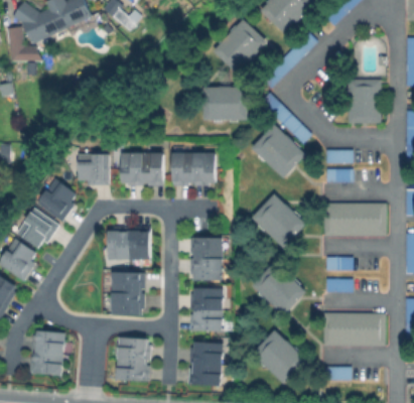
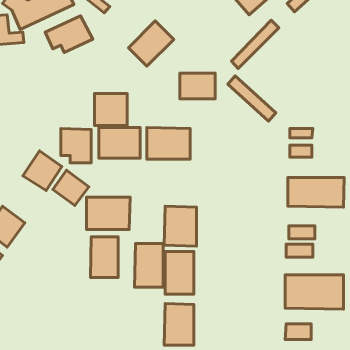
building: [215,19,264,69] -> [128,21,174,66]
building: none -> [45,16,93,53]
building: [348,79,380,125] -> none
building: none -> [94,93,127,126]
building: [252,125,306,178] -> none
building: [254,196,301,244] -> none
building: [17,209,56,247] -> [53,170,89,205]
building: [251,260,306,315] -> none
building: [32,330,64,377] -> none
building: [252,330,306,384] -> none
building: [117,338,148,385] -> [135,244,163,287]

